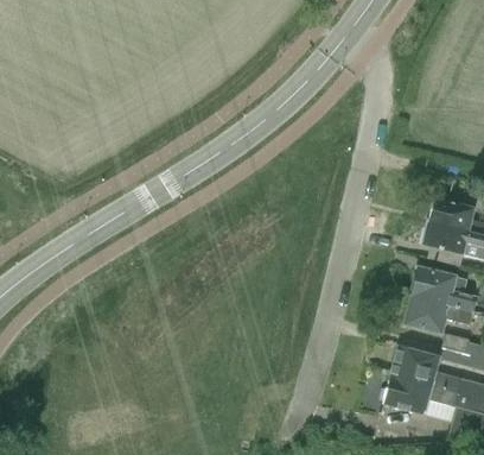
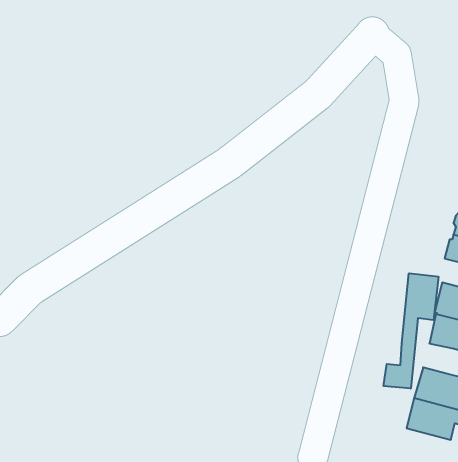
building: none -> [384,273,438,389]

